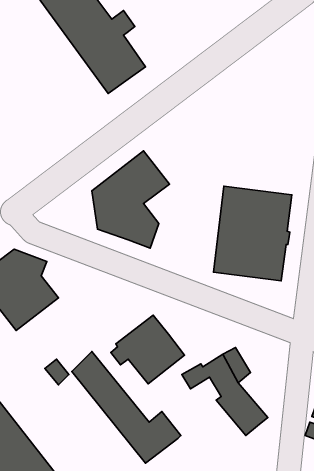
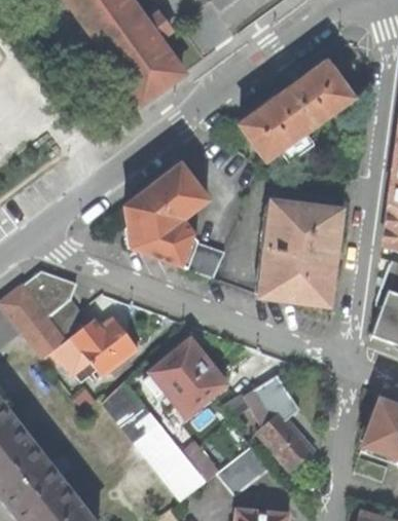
building: none -> [241,63,352,160]
building: none -> [188,241,225,277]
building: none -> [44,317,138,375]
building: none -> [218,445,269,494]

